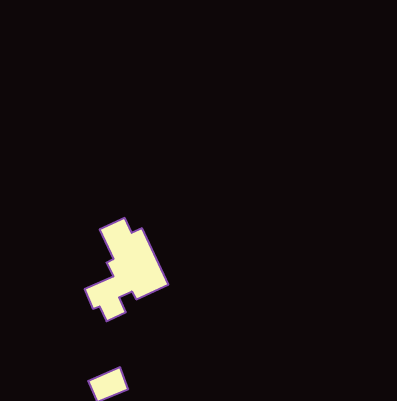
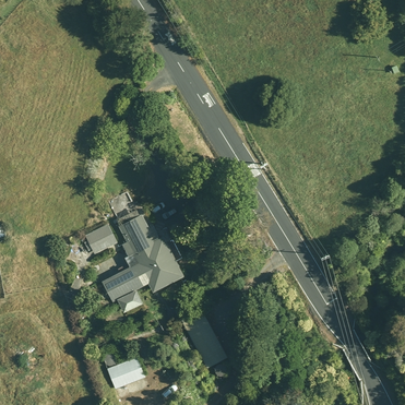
building: none -> [84,224,117,254]
building: none -> [181,312,223,361]

